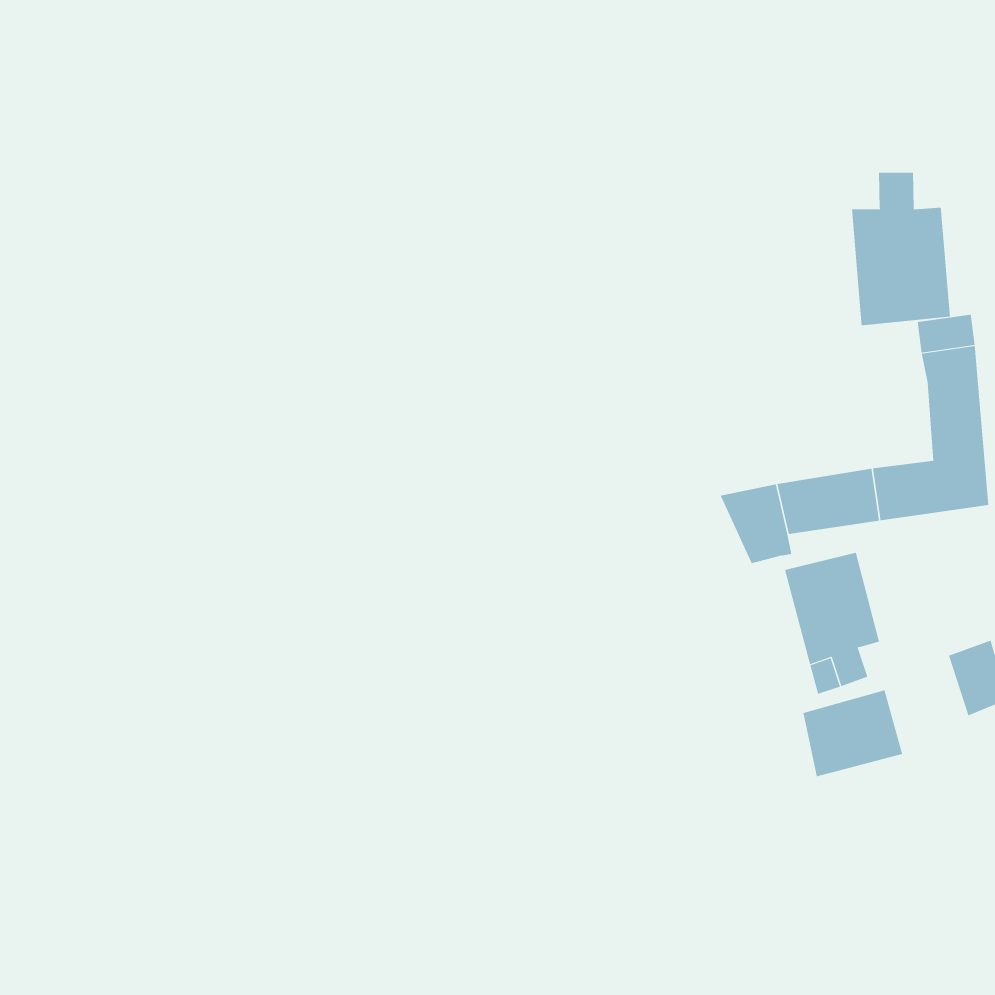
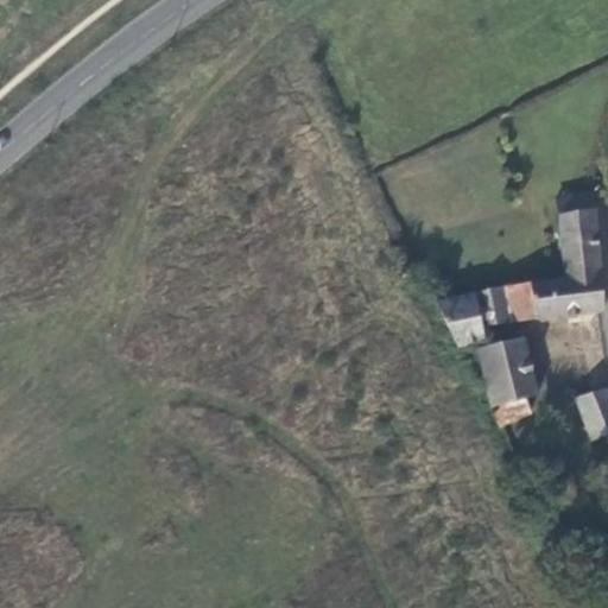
building: [852,172,951,326] -> none
building: [803,689,903,777] -> none

